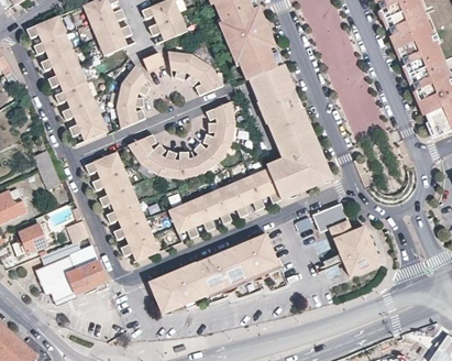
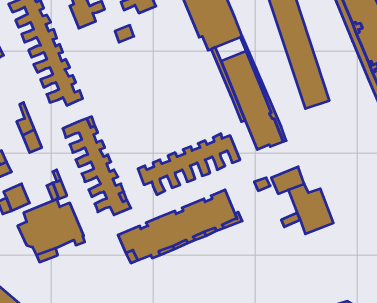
building: [168,51,223,95] -> none
building: [115,64,150,127] -> none
building: [253,64,287,90] -> none
building: [129,101,235,177] -> none
building: [266,155,300,198] -> none

